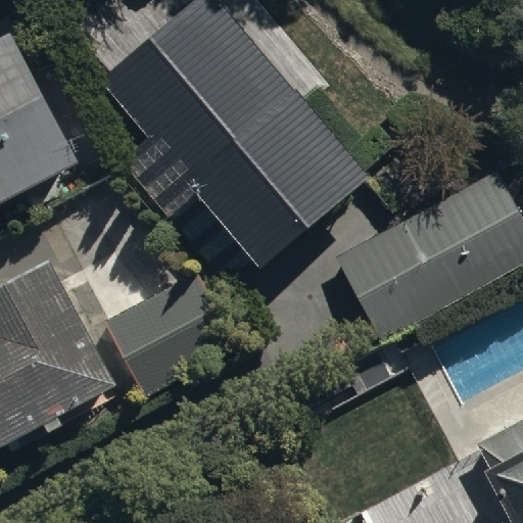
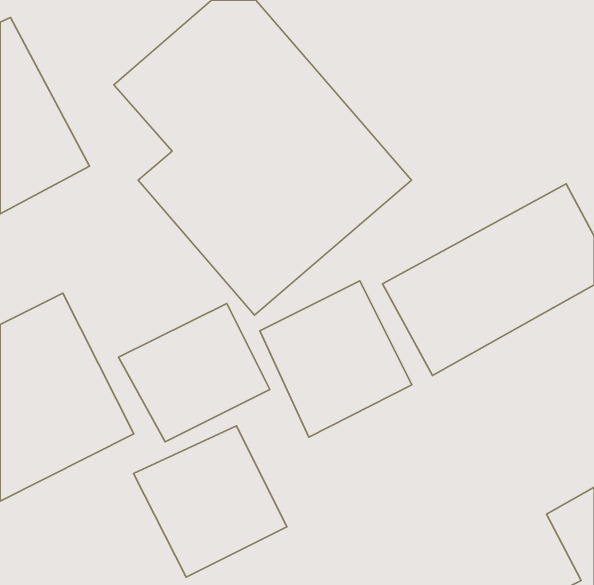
building: none -> [260,281,412,437]
building: none -> [134,426,287,577]

